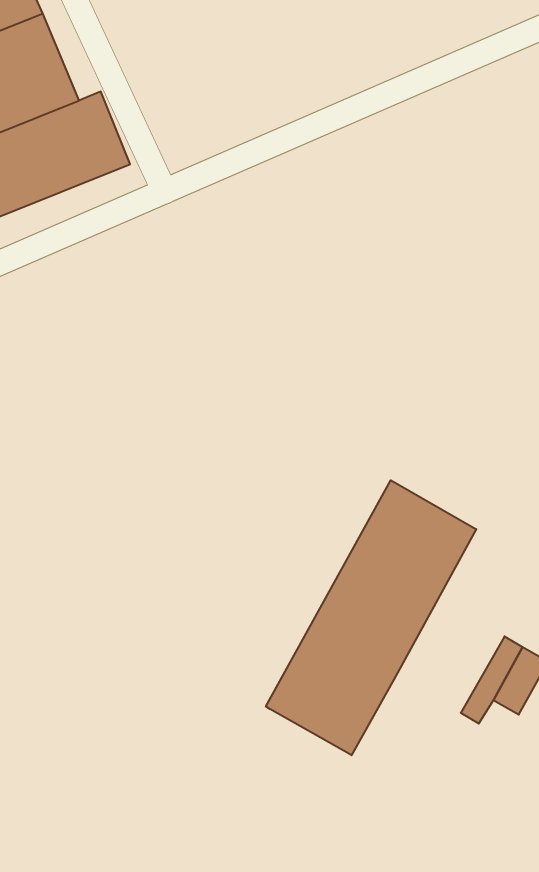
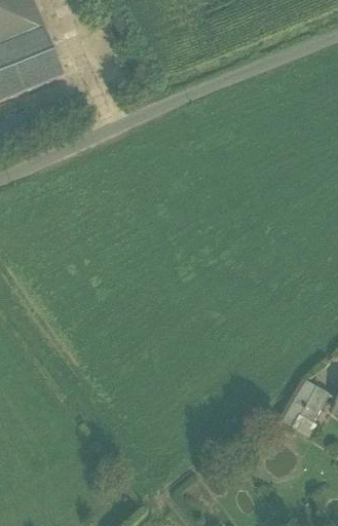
building: [266,480,476,755] -> none

